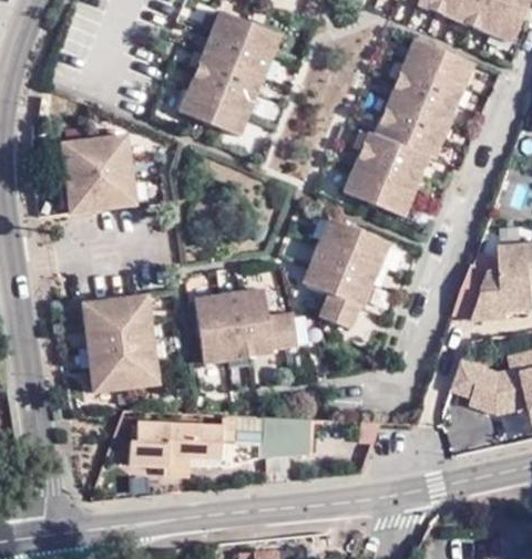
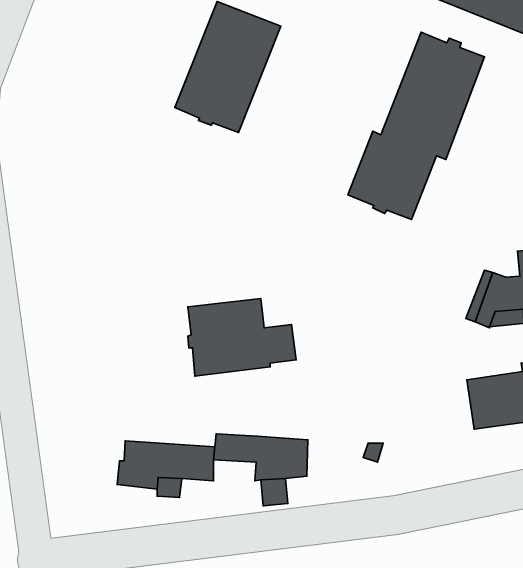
building: [62,135,134,211] -> none
building: [303,218,389,329] -> none
building: [82,294,156,390] -> none

